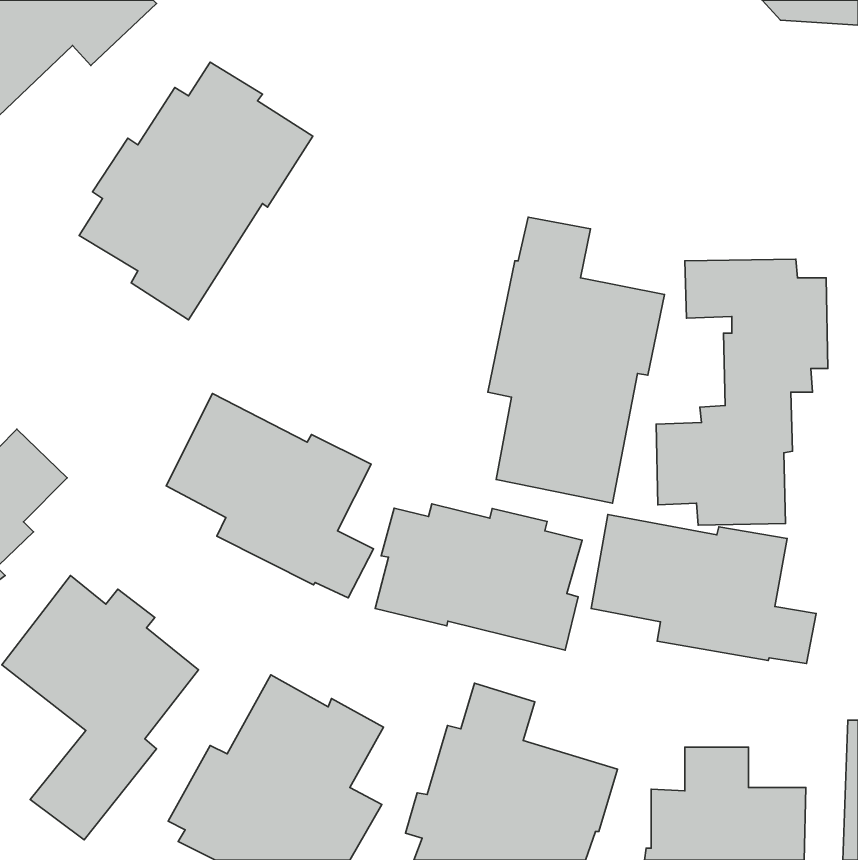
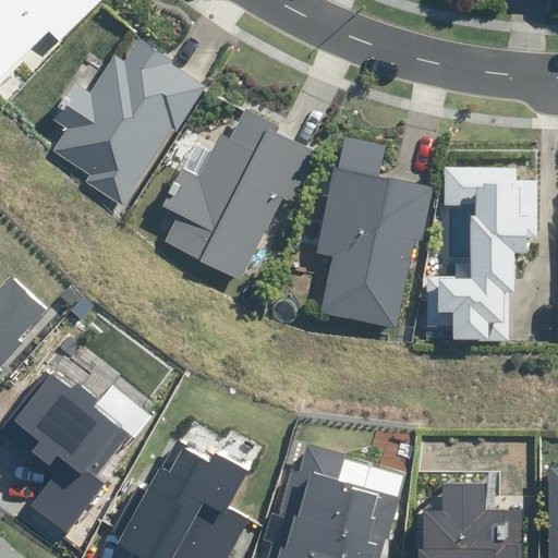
building: none -> [161,108,319,280]
building: [166,394,373,598] -> none
building: [375,504,582,650] -> none
building: [591,515,816,664] -> none

